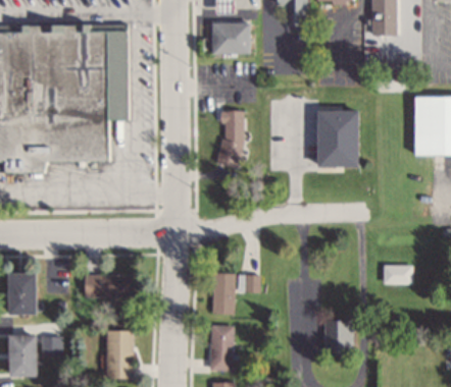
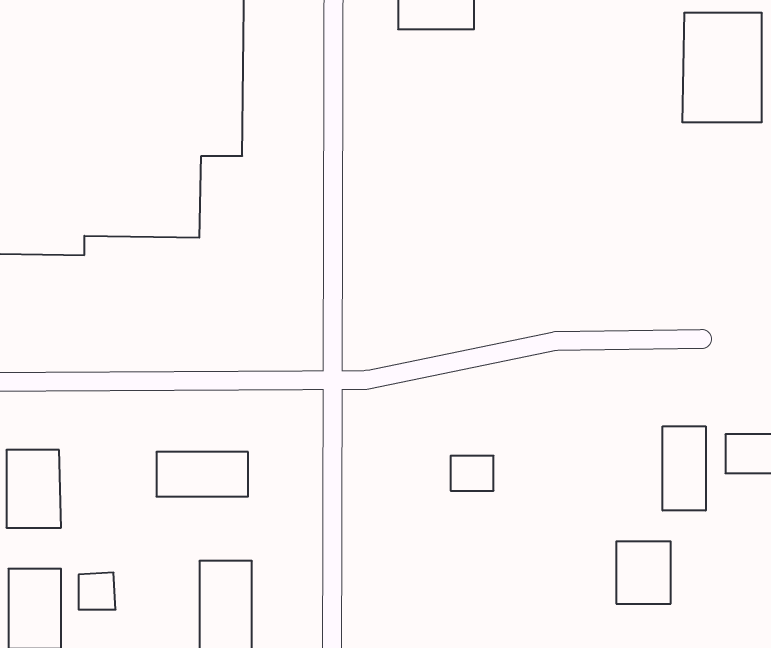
building: [316,110,358,167] -> [682,13,762,122]
building: [220,111,245,166] -> none
building: none -> [663,426,706,511]
building: [215,273,237,314] -> none
building: [212,326,235,372] -> none

